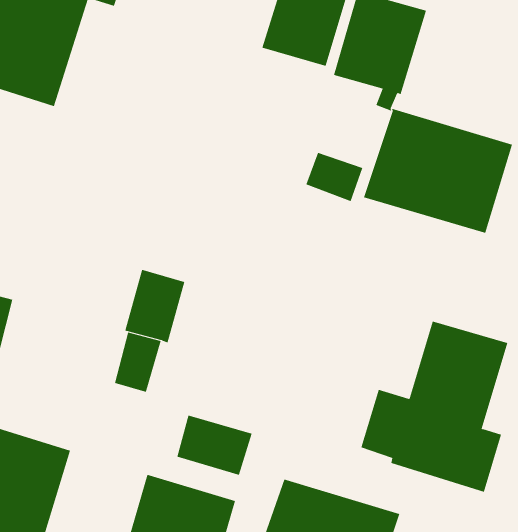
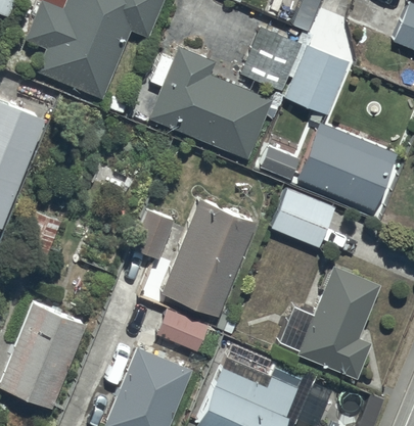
building: none -> [149,44,272,159]
building: none -> [271,187,336,249]
building: none -> [162,199,257,316]

